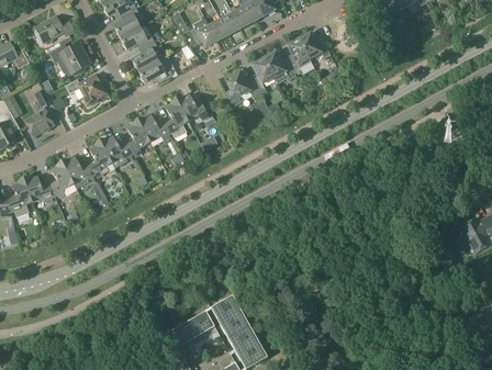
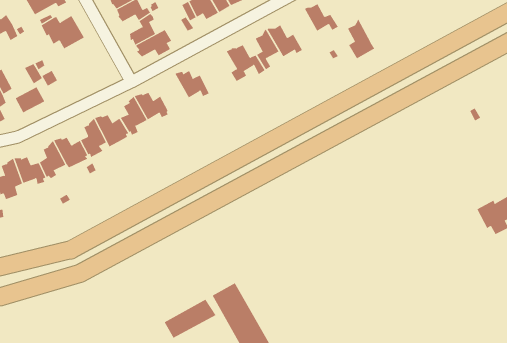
building: [287,36,313,74] -> [347,19,375,59]
building: [66,76,105,105] -> none
building: [163,98,189,138] -> none

